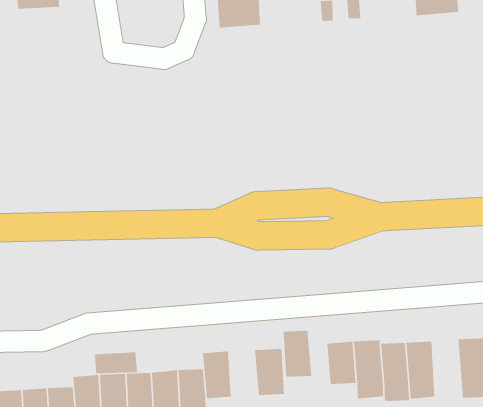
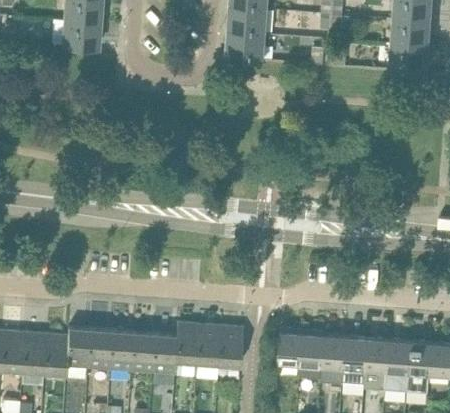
building: none -> [62,19,99,47]
building: [283,330,312,377] -> [196,323,220,363]
building: none -> [363,338,388,388]
building: [94,351,137,374] -> none

